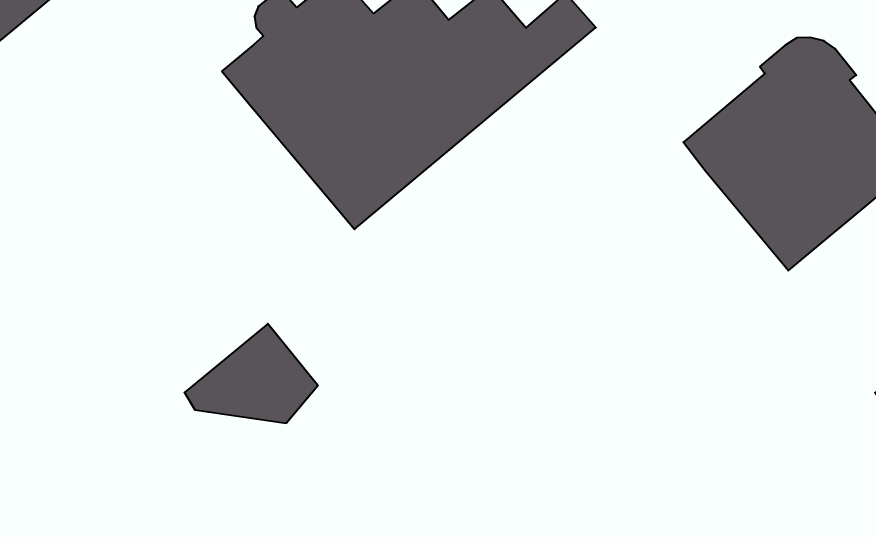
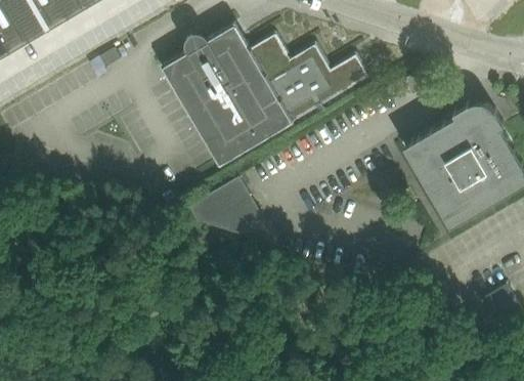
building: [184,324,318,423] -> [187,178,260,234]

